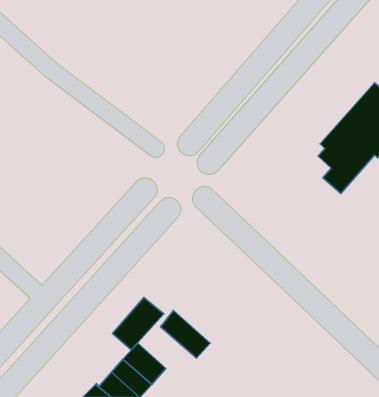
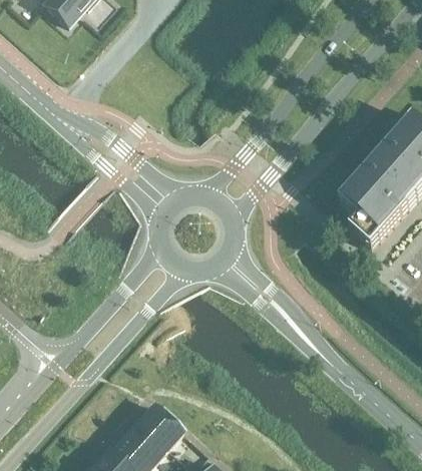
building: [113,297,164,350] -> none
building: [160,311,210,358] -> none

